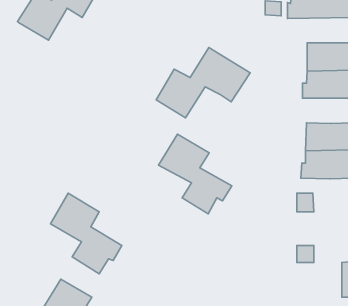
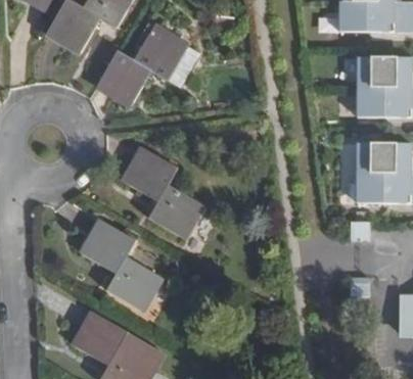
building: [156,47,250,118] -> [97,28,199,104]
building: [159,134,232,214] -> [122,147,201,234]

